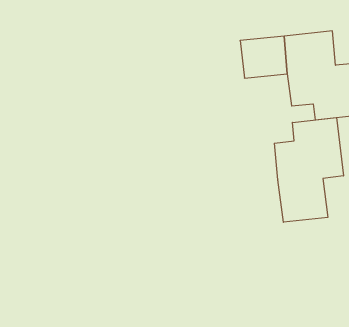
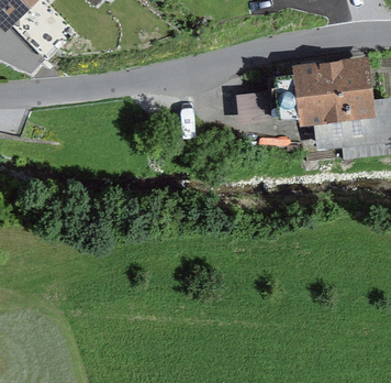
building: [274,118,343,222] -> none

